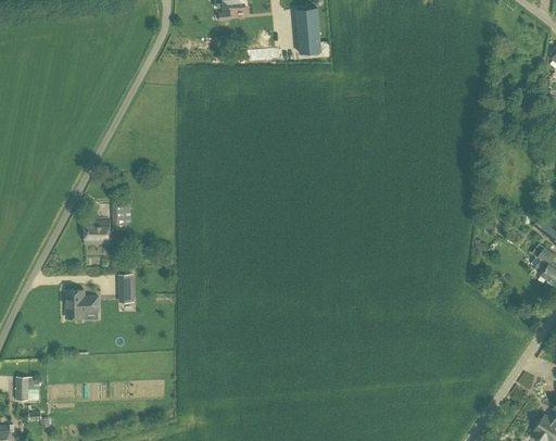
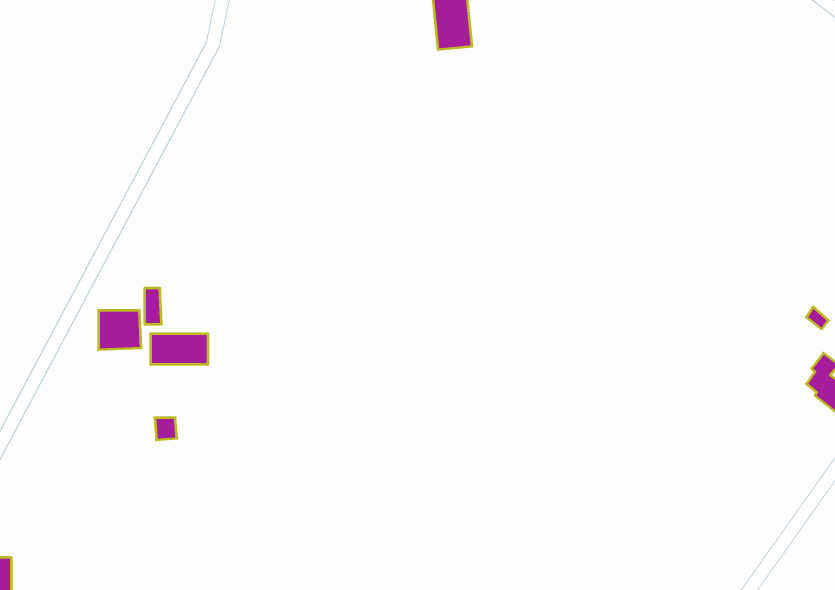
building: none -> [151,334,208,365]
building: [65,289,99,317] -> none

